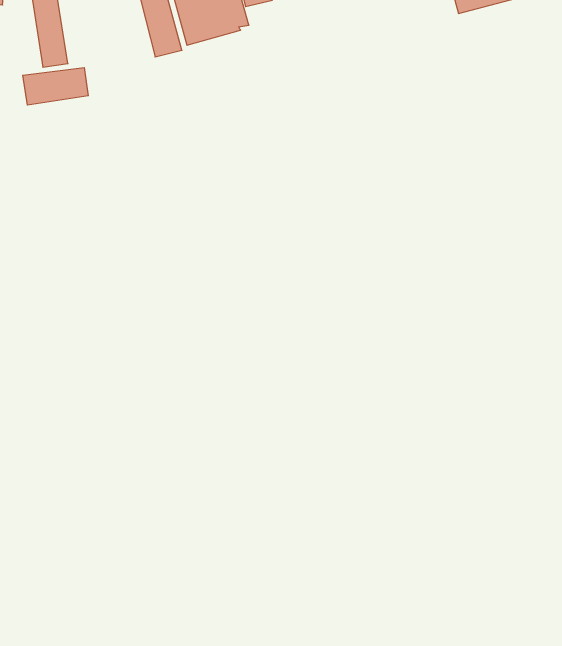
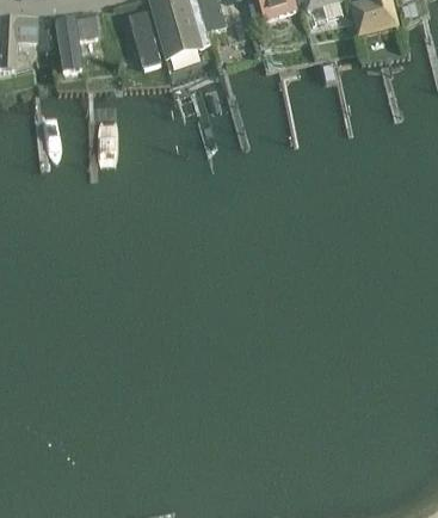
building: [23,68,88,105] -> none

